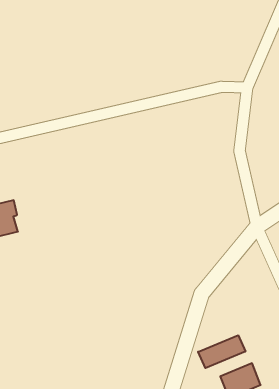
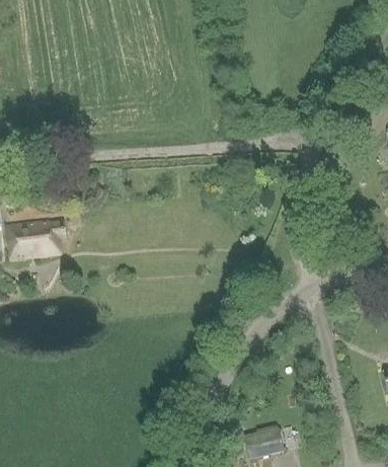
building: [198,335,245,368] -> none

